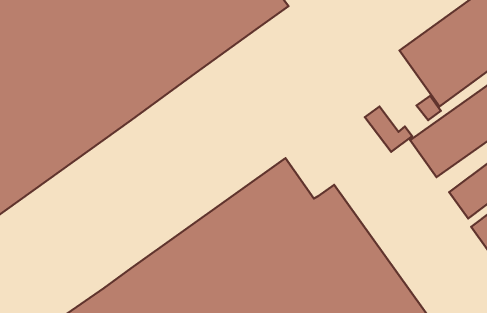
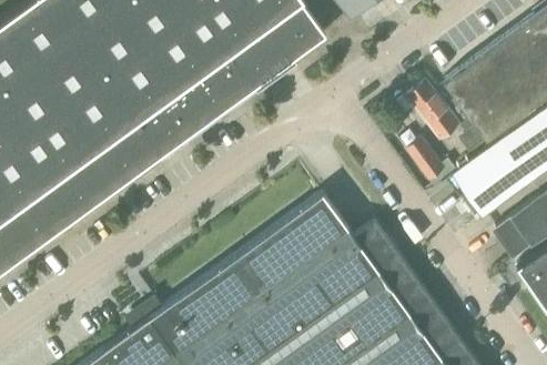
building: none -> [408,83,459,141]

